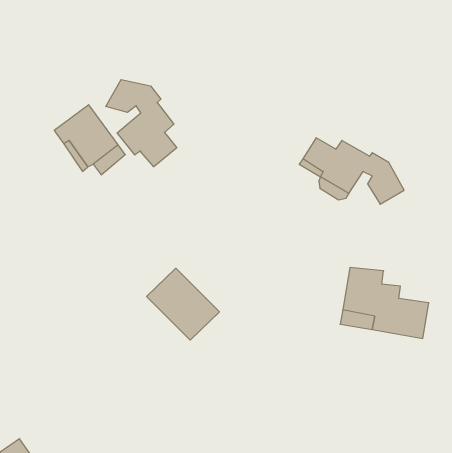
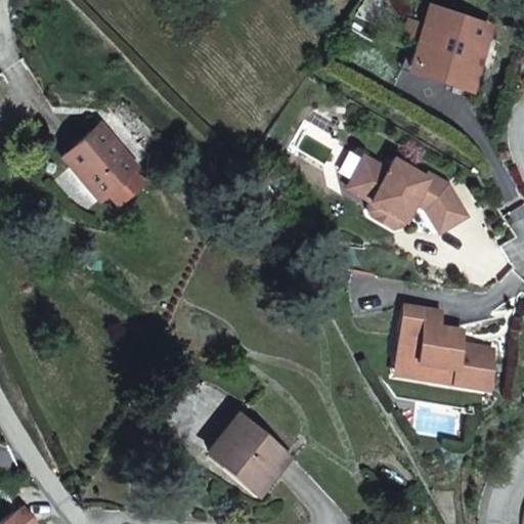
building: none -> [407,6,491,89]
building: [106,80,177,167] -> none
building: [147,268,219,340] -> [208,409,292,492]

